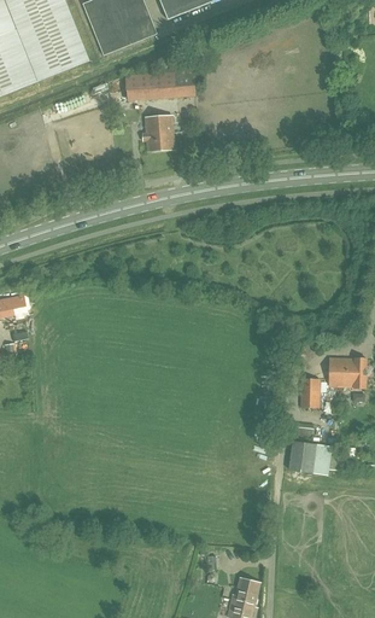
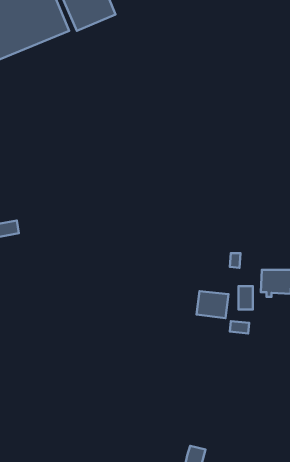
building: [124,62,194,98] -> none
building: [145,115,174,150] -> none
building: [289,441,329,474] -> [196,291,228,318]

